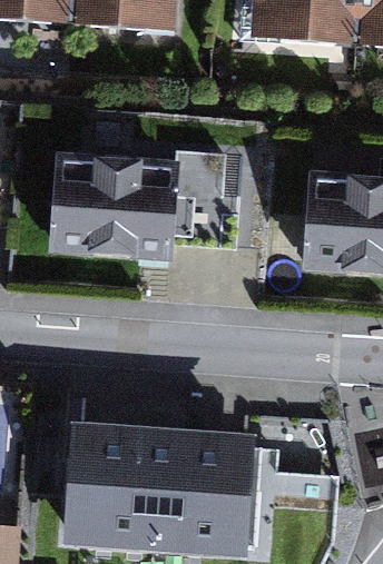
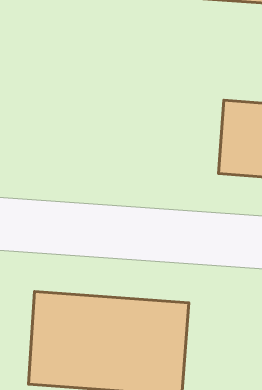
building: [49,156,187,258] -> none

